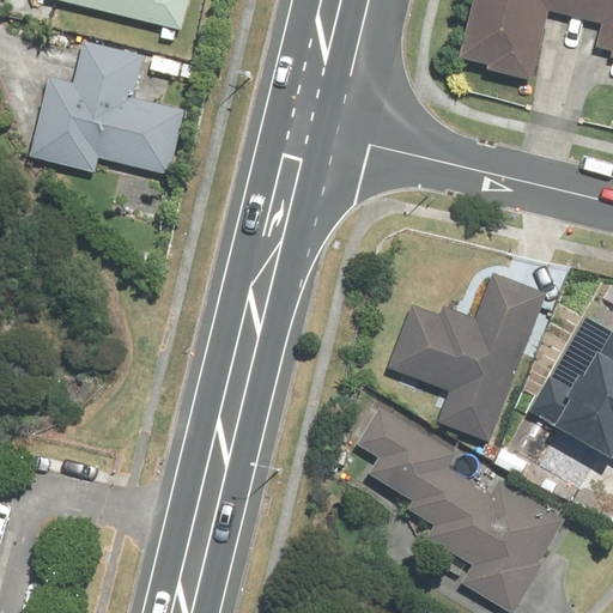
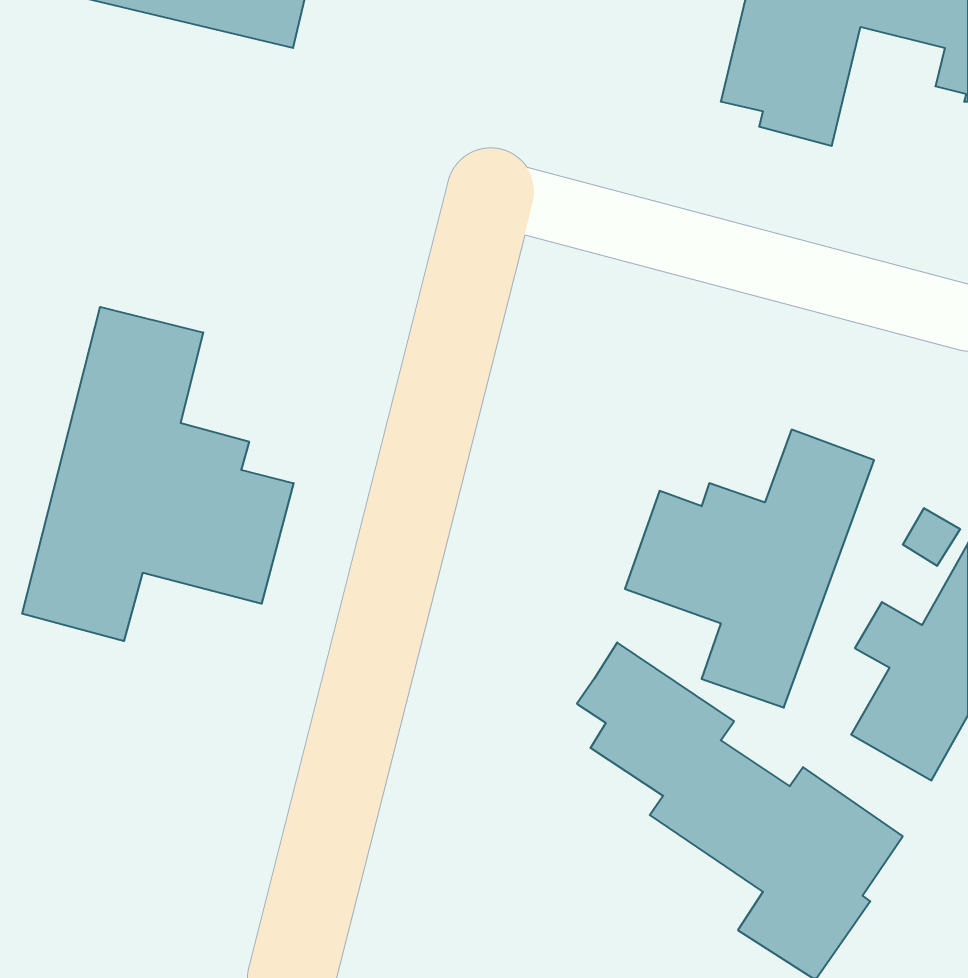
building: [32,41,186,176] -> none
building: none -> [22,307,294,641]

